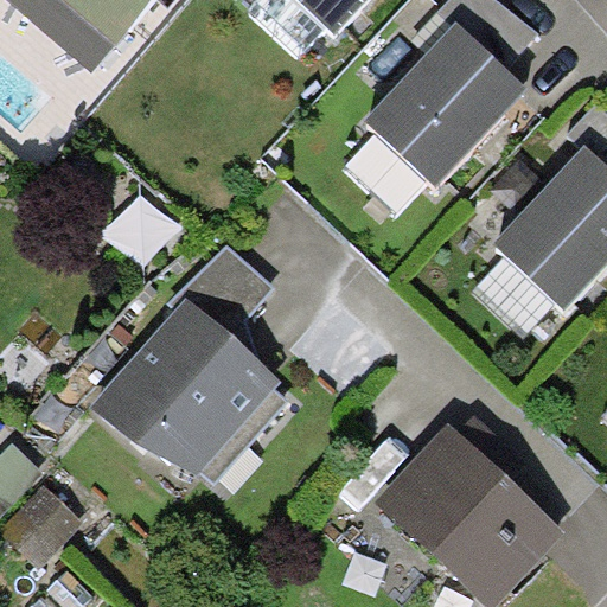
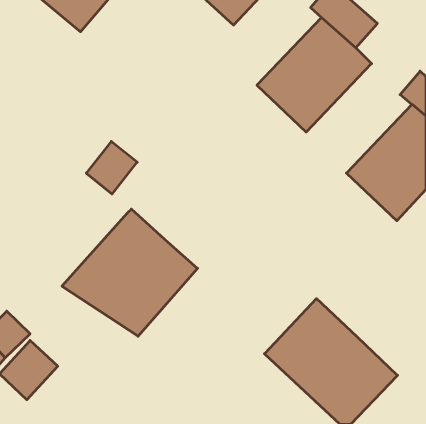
building: [174,243,271,334] -> none

